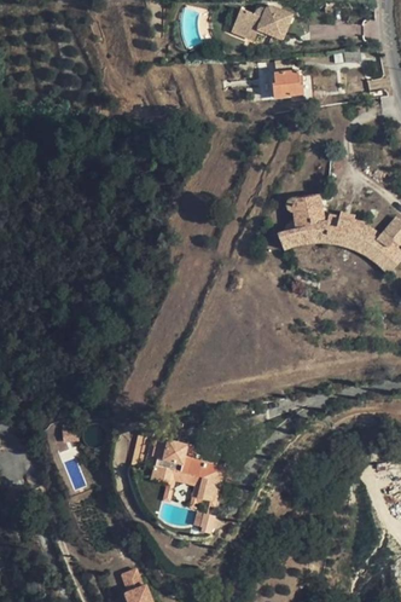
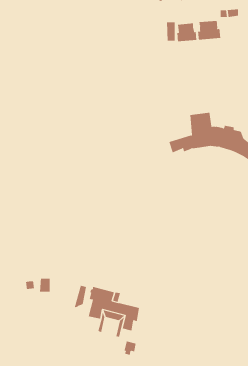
building: none -> [198,20,221,41]

